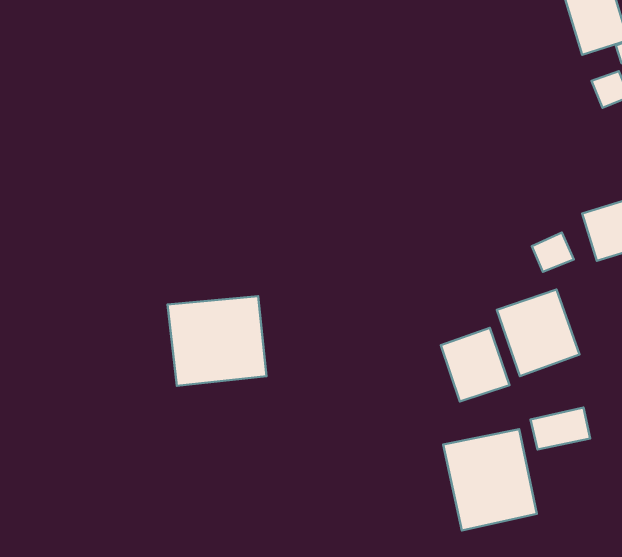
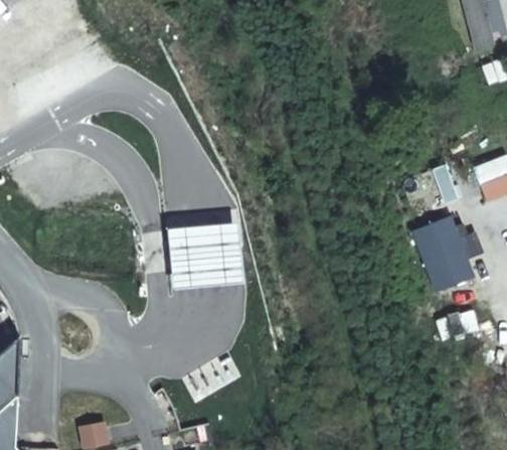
building: [441,328,510,401] -> none
building: [443,429,537,531] -> none

